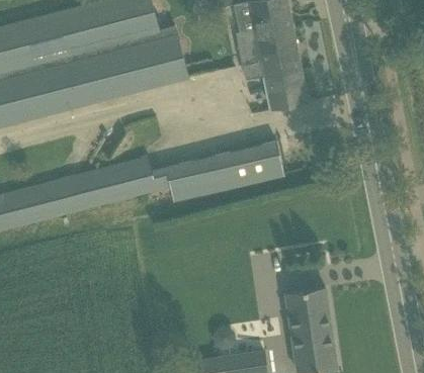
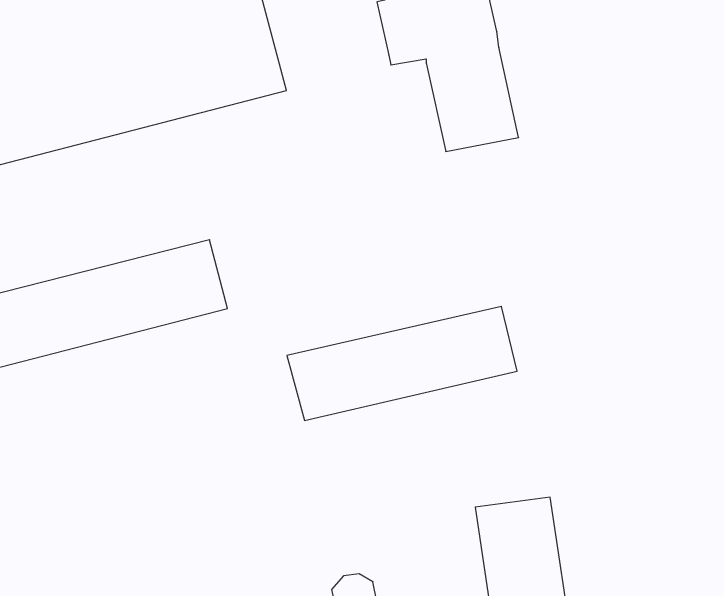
building: [165,143,283,201] -> [287,306,517,420]

